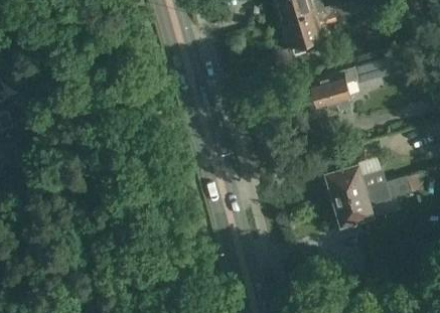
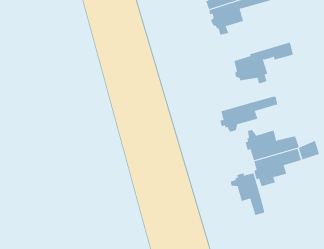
building: none -> [220,96,278,132]
building: none -> [230,173,265,216]

